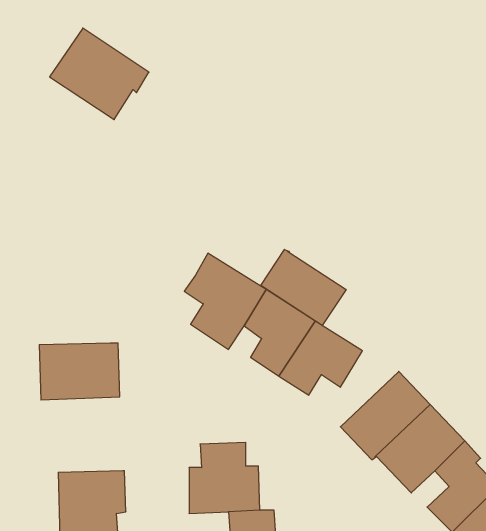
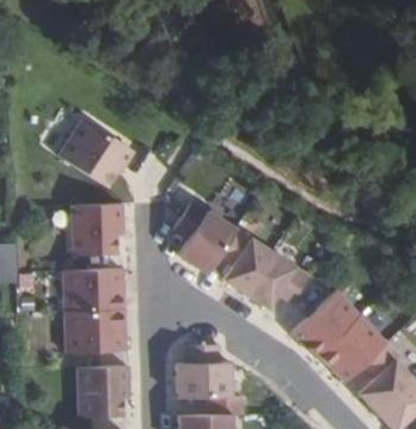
building: [50,28,149,120] -> [59,117,134,186]
building: [261,249,346,326] -> none
building: none -> [72,202,123,253]
building: none -> [65,308,126,351]

